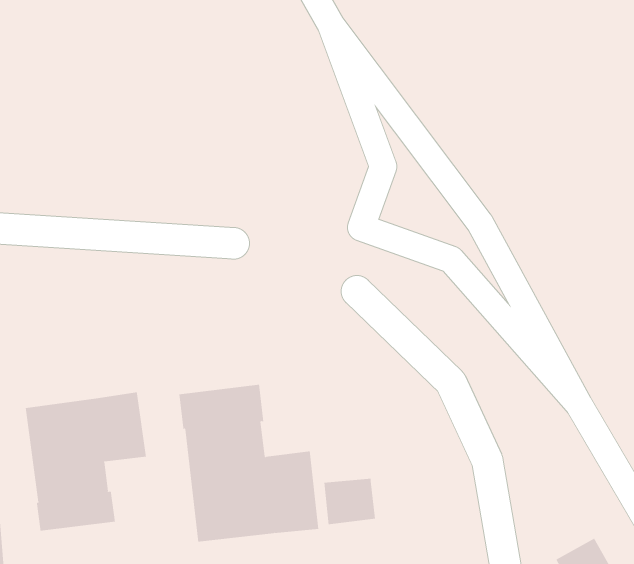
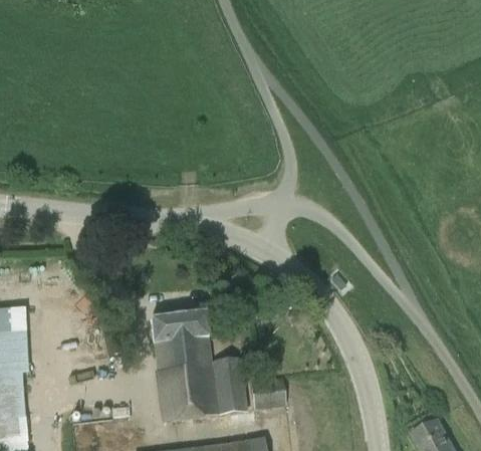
building: [25,392,146,532] -> none

